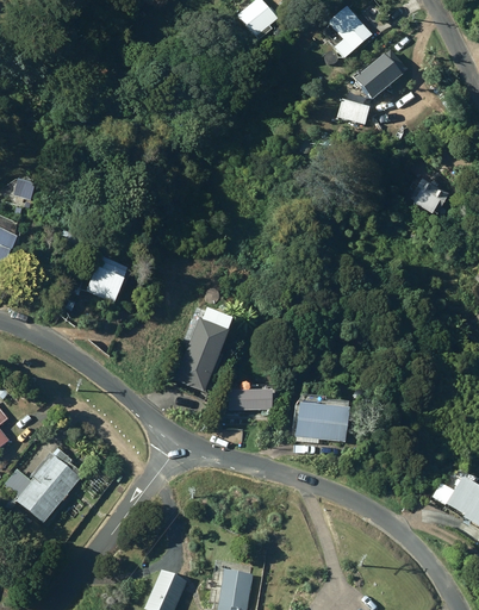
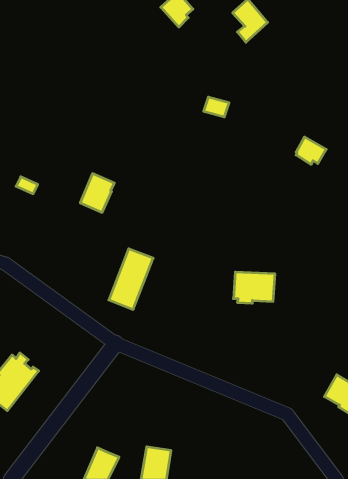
building: [356,52,403,98] -> none
building: [338,98,371,123] -> [204,97,229,117]
building: [85,255,127,304] -> [80,174,114,212]
building: [228,384,270,411] -> none
building: [292,402,344,441] -> [233,272,275,303]

